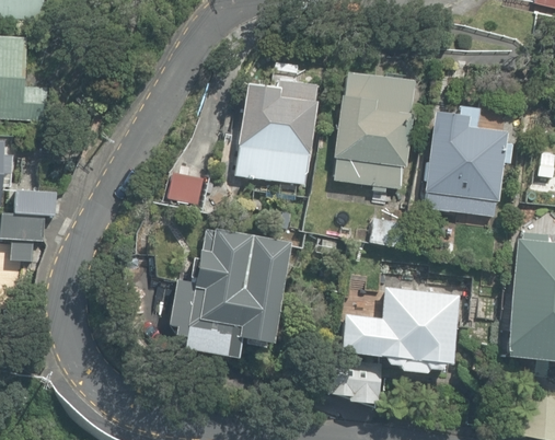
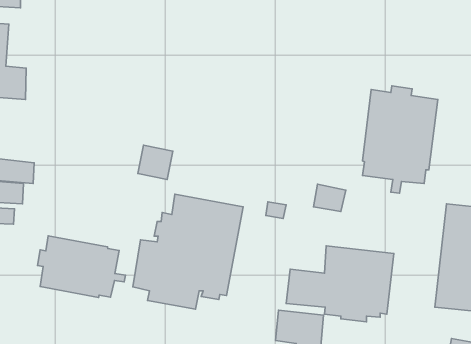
building: [334,72,414,192] -> none
building: [235,80,317,184] -> none
building: none -> [38,236,126,297]

